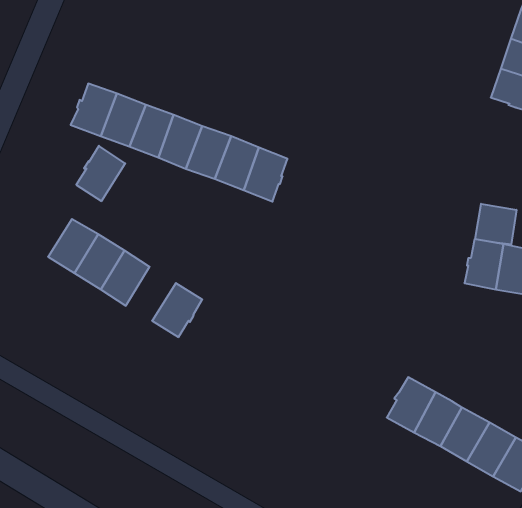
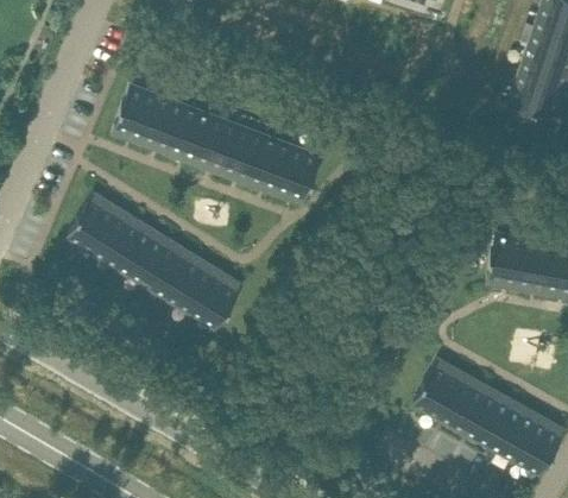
building: [76,146,125,201] -> [68,203,114,256]
building: [475,204,516,245] -> none
building: none -> [165,265,213,316]

